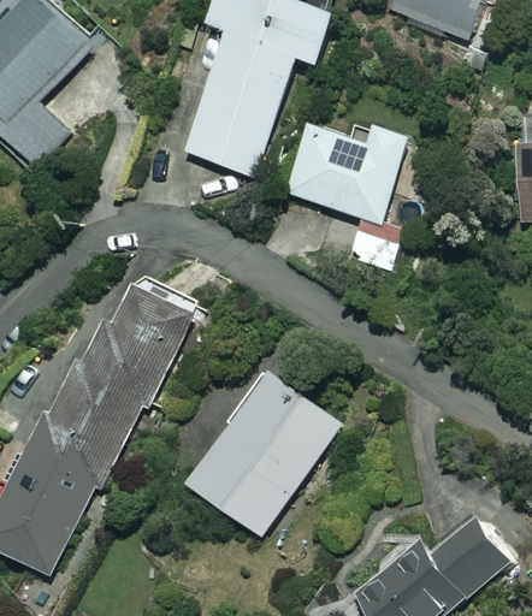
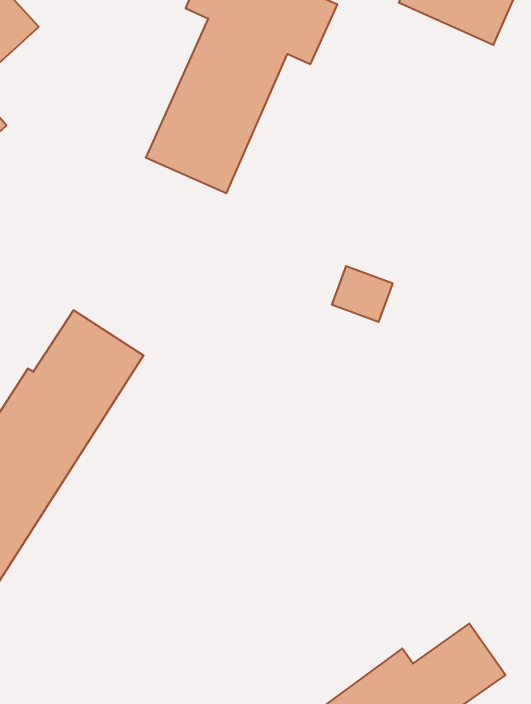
building: [285,126,409,223] -> none
building: [188,367,342,535] -> none

